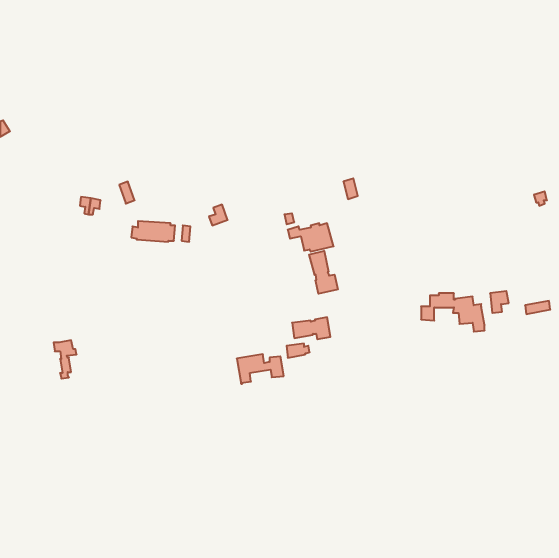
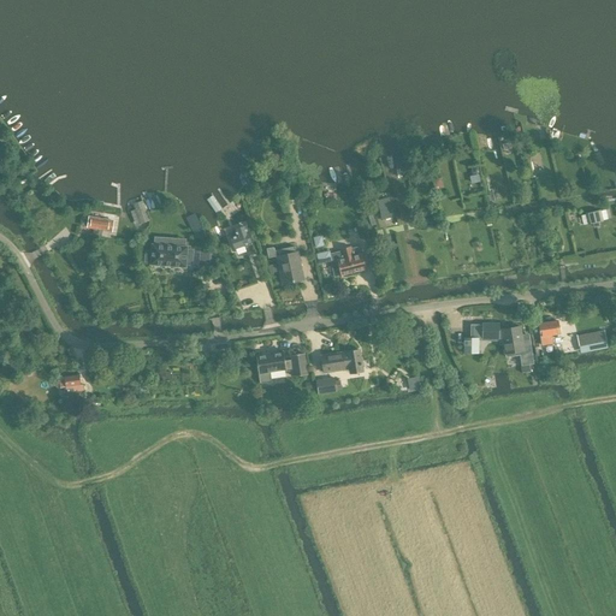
building: none -> [266,245,303,283]
building: [309,251,338,294] -> none
building: [237,354,284,384] -> [255,350,307,383]

